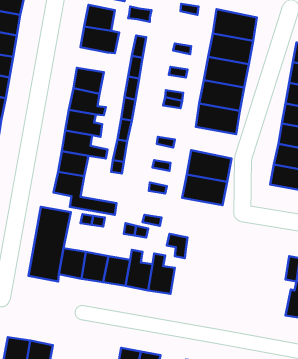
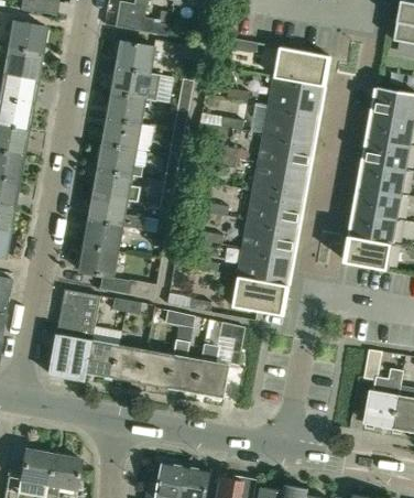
building: none -> [108,93,145,123]
building: none -> [248,191,303,229]
building: none -> [232,278,286,315]

